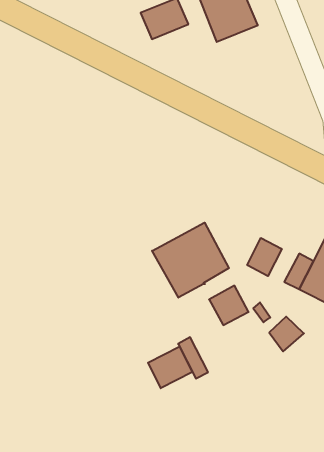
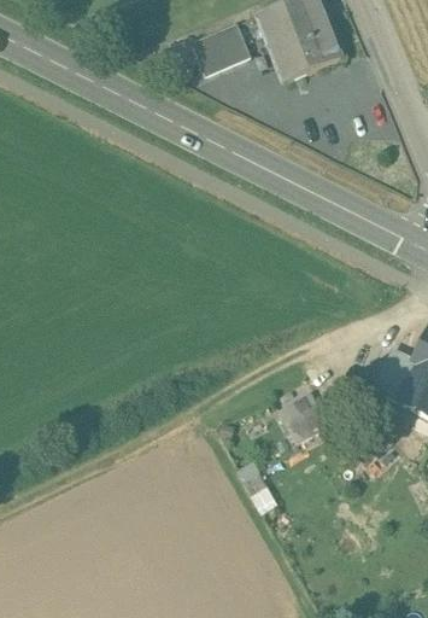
building: [152,223,229,298] -> none
building: [247,238,282,276] -> none
building: [148,347,192,388] -> none

